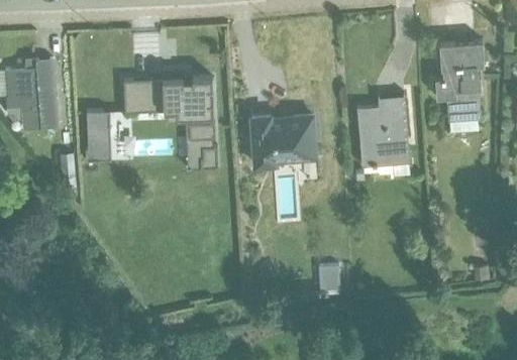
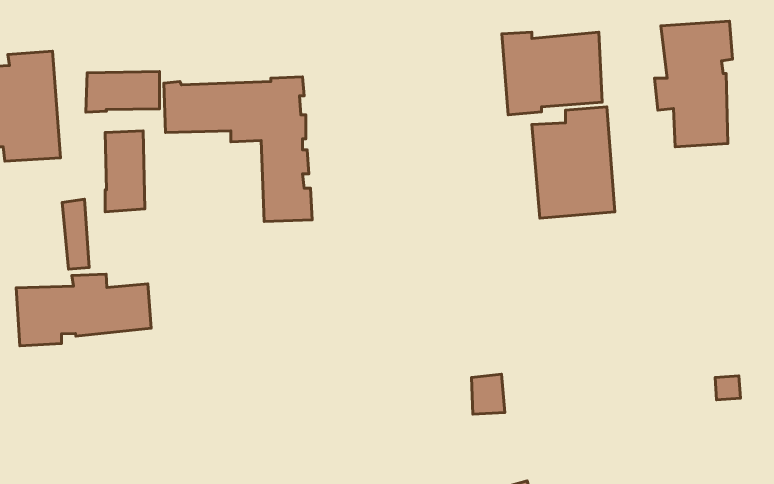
building: none -> [86,71,159,112]
building: [251,116,315,168] -> [502,32,602,115]
building: none -> [16,274,151,346]

